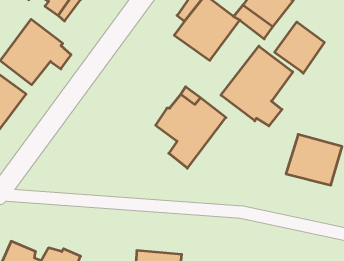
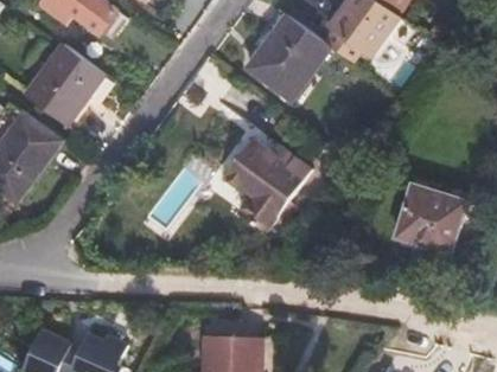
building: [275,22,324,73] -> none
building: [221,46,293,126] -> none

